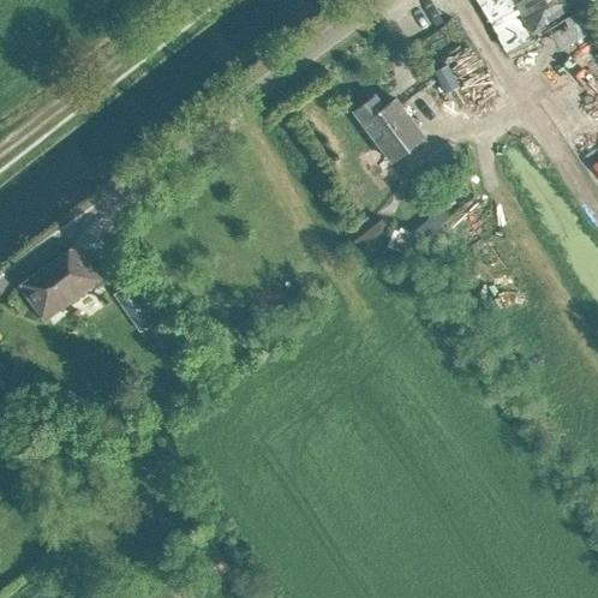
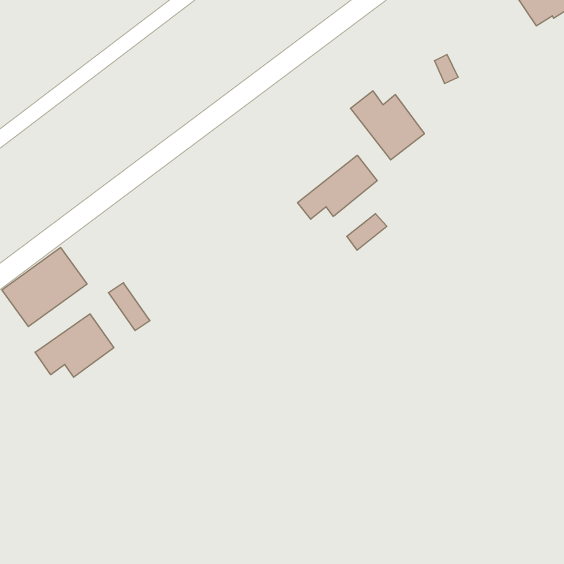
building: none -> [298,155,377,219]
building: none -> [35,314,114,377]

